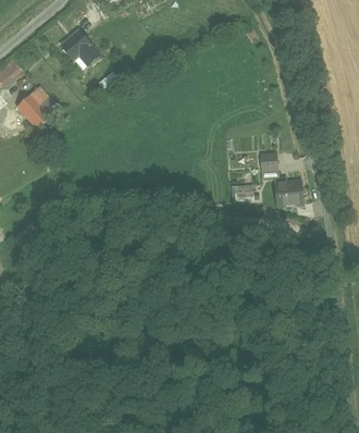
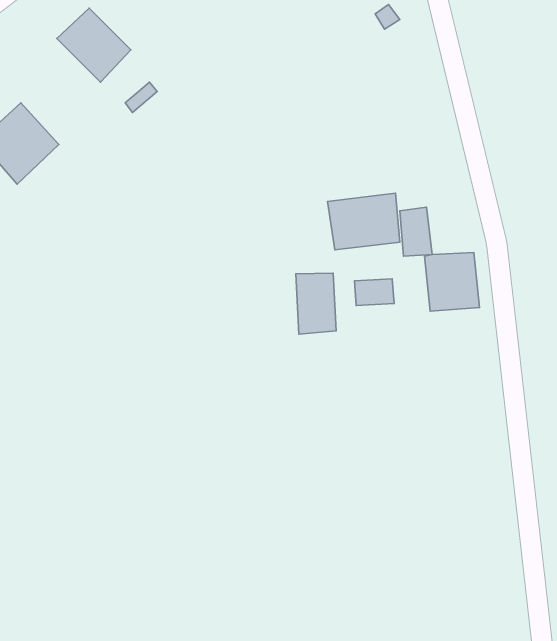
building: none -> [327,193,400,250]
building: none -> [296,273,336,334]

